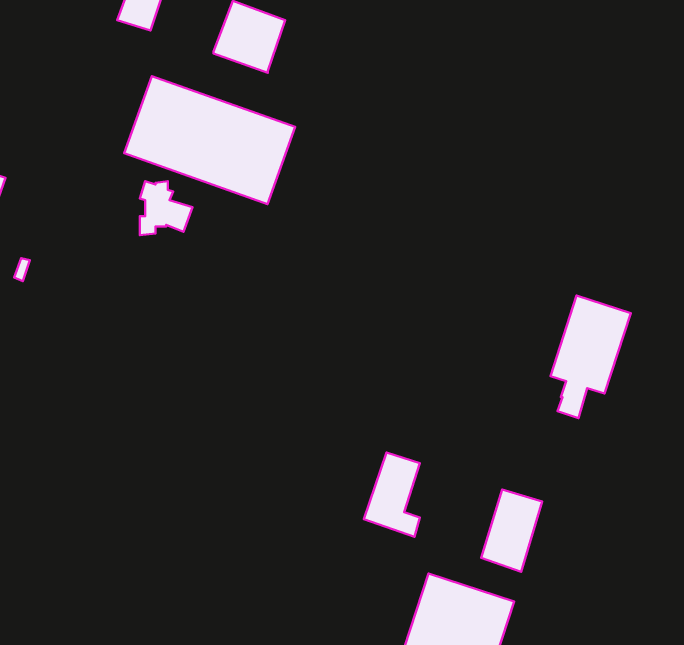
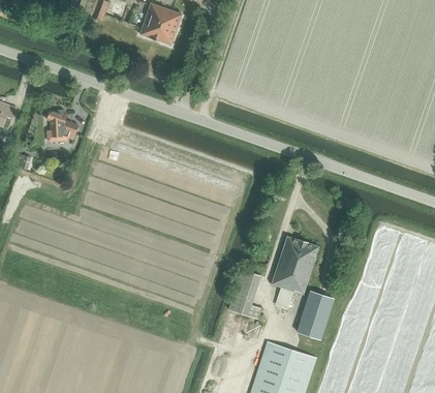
building: [124,76,295,204] -> none
building: [140,181,192,235] -> [48,109,79,141]
building: [550,296,631,418] -> [272,236,319,308]

